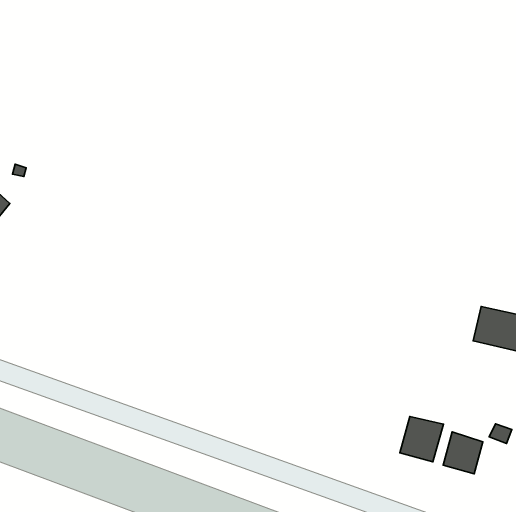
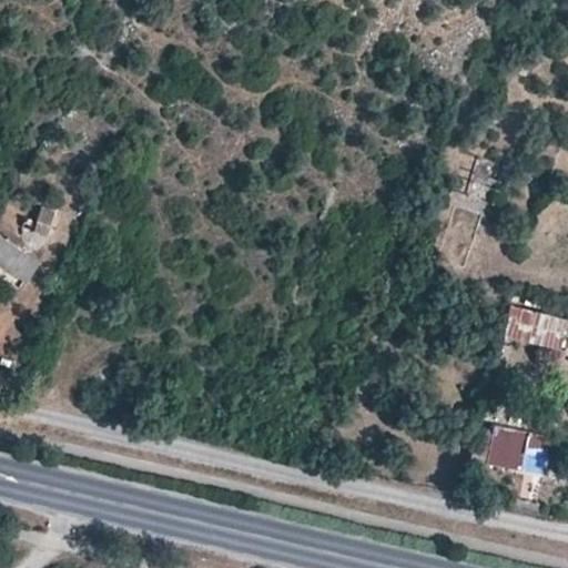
building: [400,416,443,462] -> none

